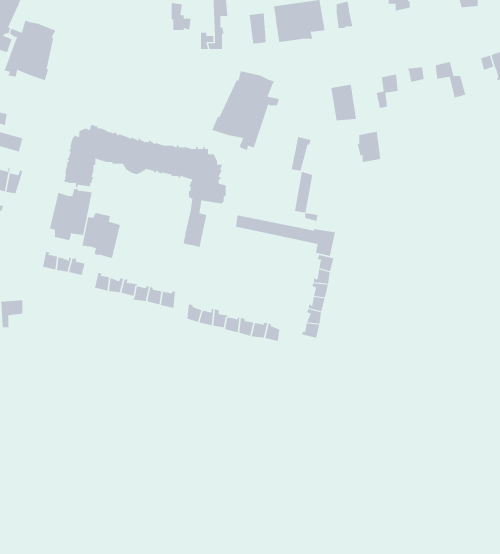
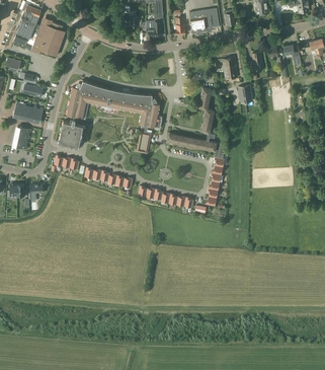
building: [211,70,280,151] -> none
building: [82,212,121,259] -> none

